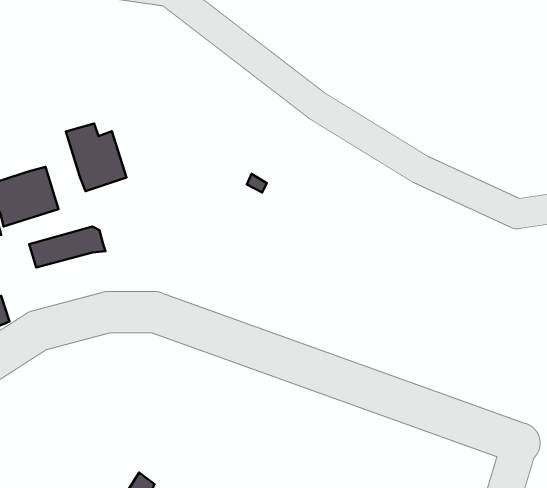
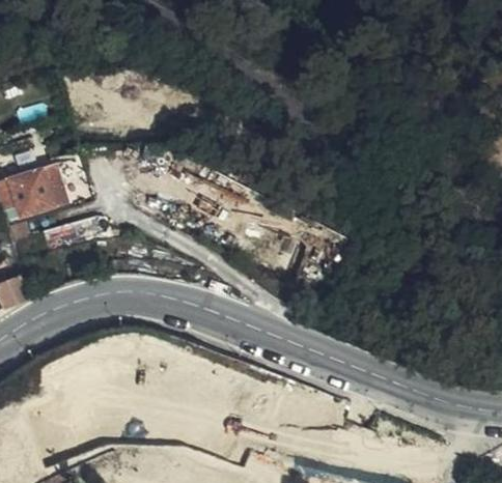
building: [66,124,127,191] -> none

